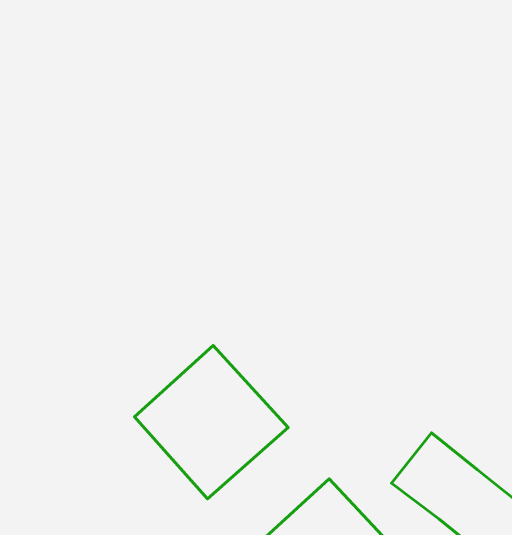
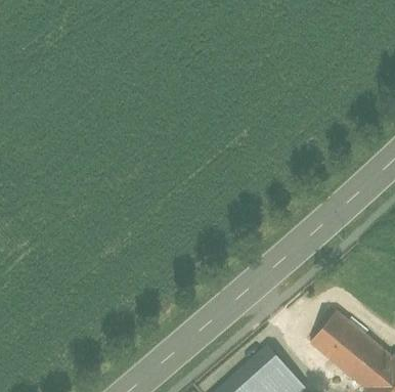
building: [134,345,288,499] -> none

